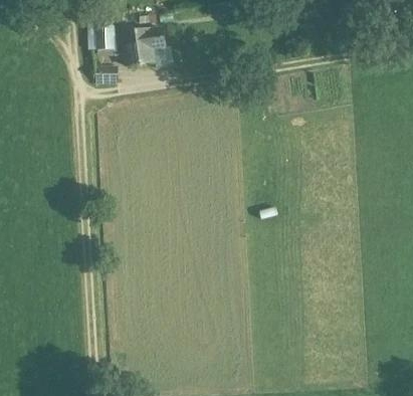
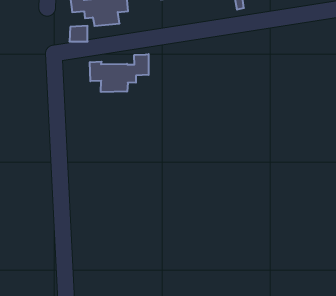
building: none -> [90,54,149,92]

